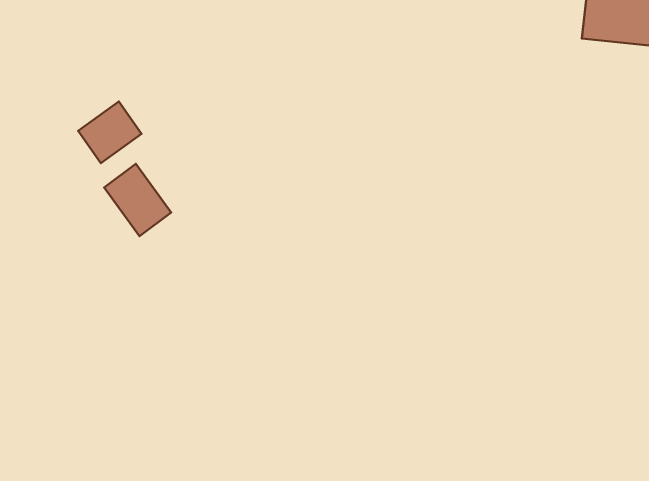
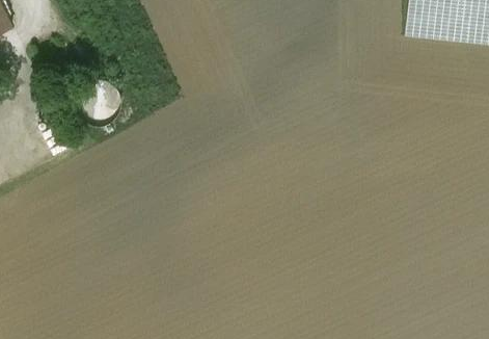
building: [104,164,171,236] -> none

